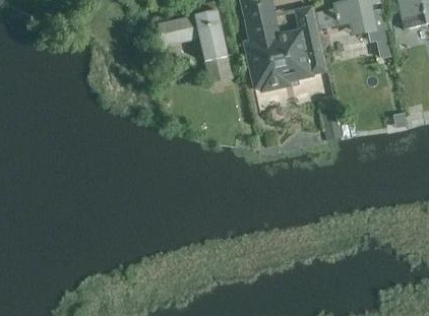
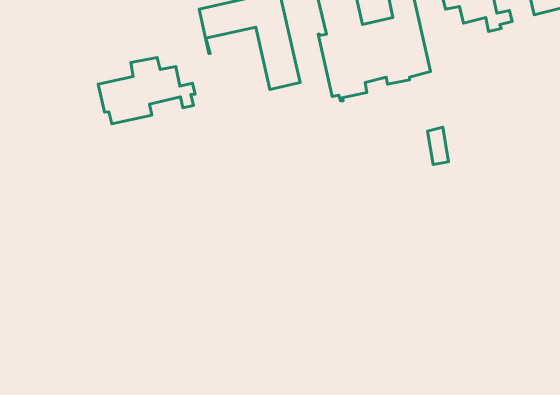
building: none -> [98,57,195,124]

